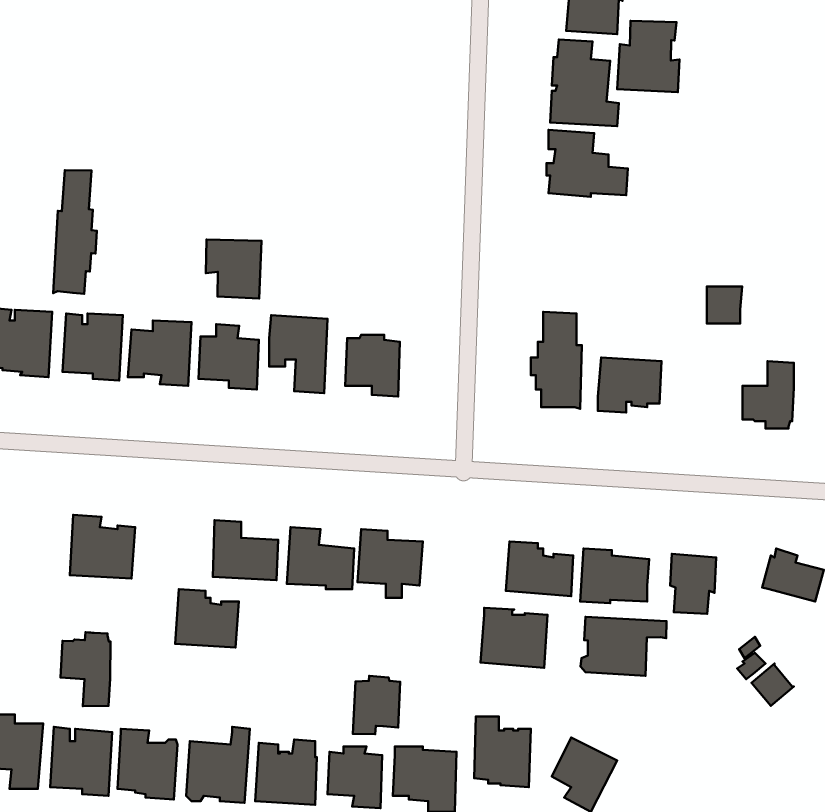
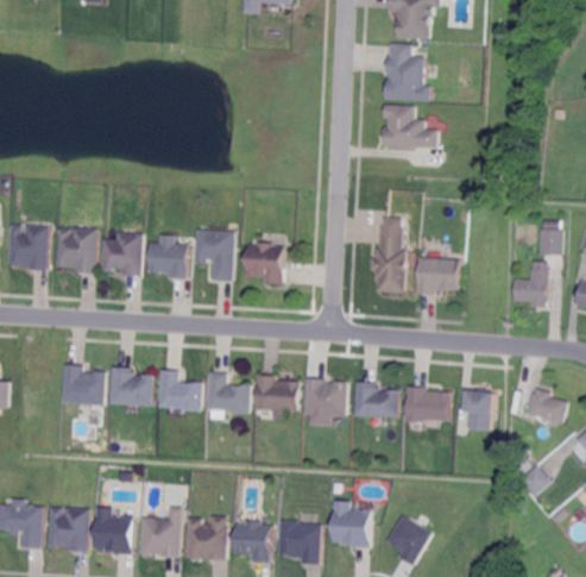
building: [617,21,679,92] -> none
building: [53,170,97,294] -> none
building: [206,239,262,298] -> none
building: [707,287,742,324] -> [538,228,562,253]
building: [175,589,239,647] -> [109,368,152,407]
building: [481,608,548,668] -> [303,377,348,418]
building: [581,617,666,676] -> none
building: [60,632,111,706] -> none
building: [353,676,400,734] -> none

